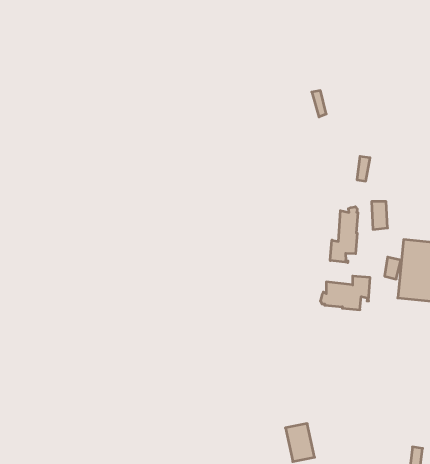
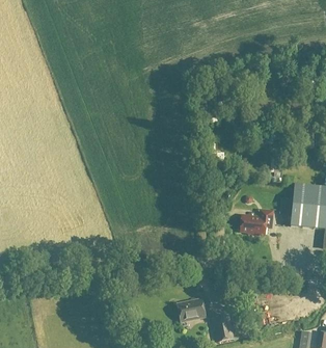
building: [330,207,358,263] -> none
building: none -> [175,298,203,320]

